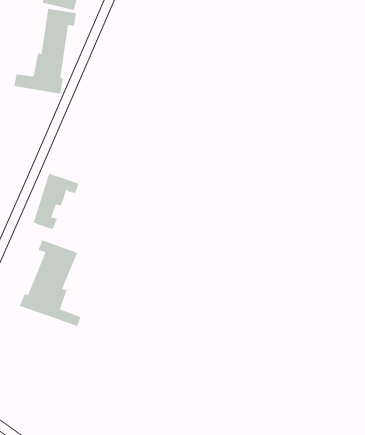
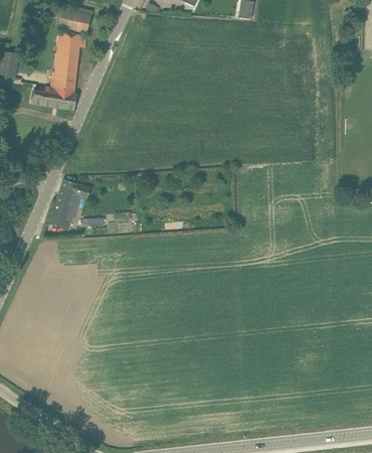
building: [19,239,81,327] -> none

